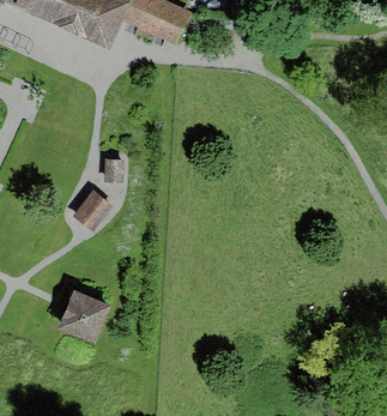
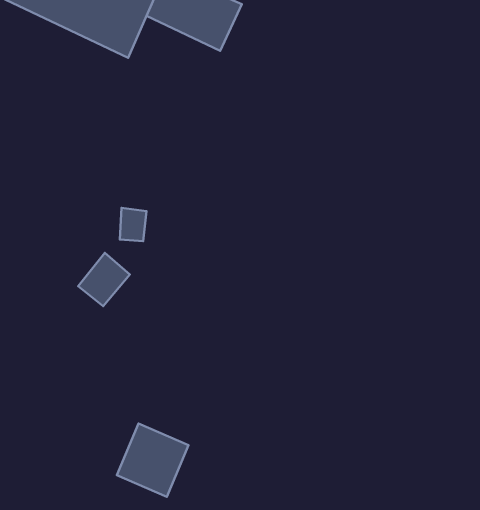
building: [58,288,109,340] -> [117,423,189,497]

